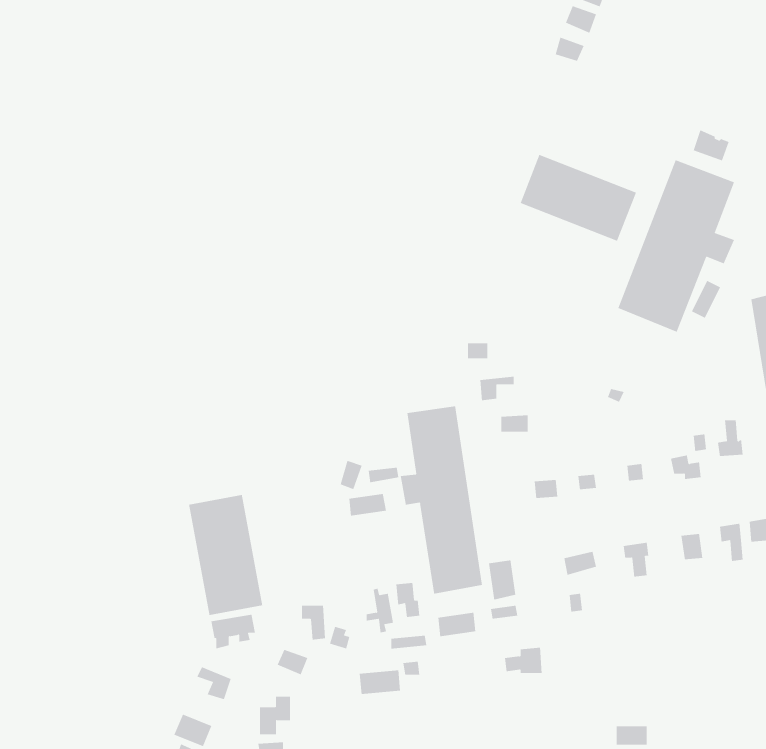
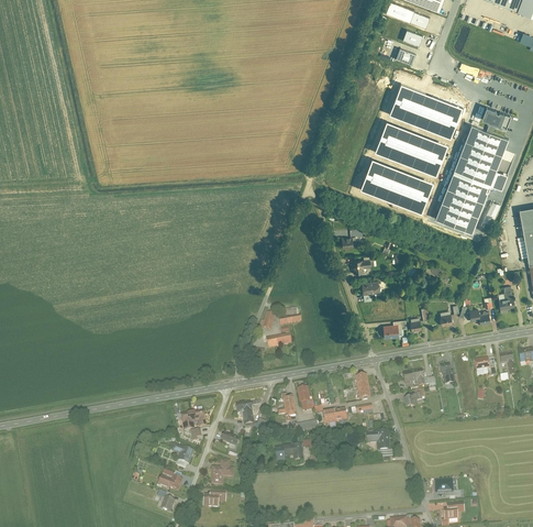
building: none -> [389,81,463,135]
building: none -> [360,156,434,211]
building: [400,406,482,594] -> none
building: [188,494,263,616] -> none

